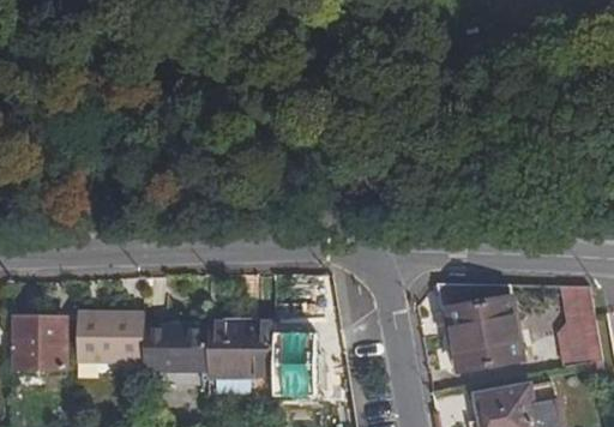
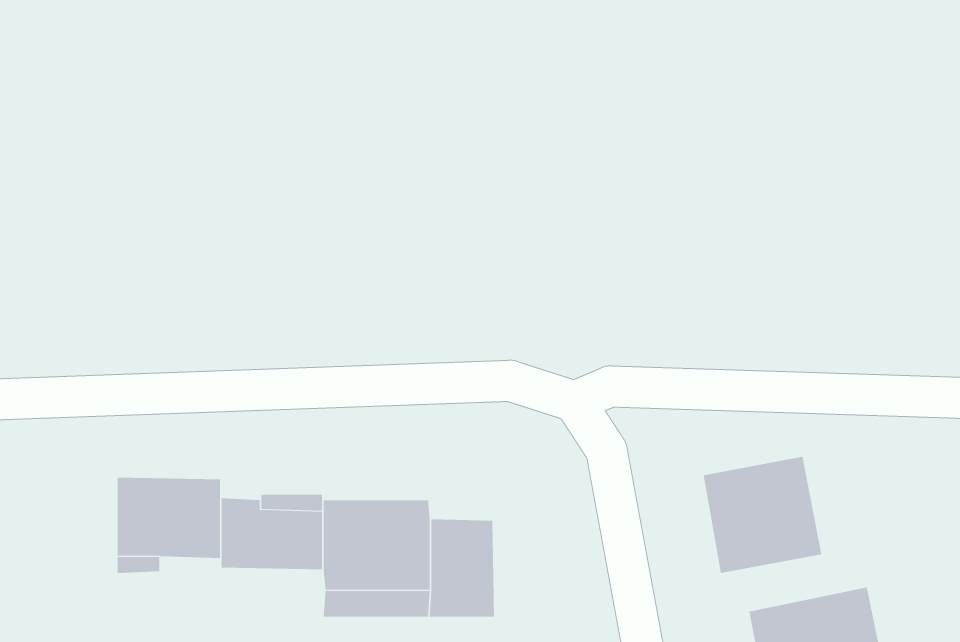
building: [441,283,510,309] -> none
building: [556,287,601,369] -> none
building: [14,314,66,365] -> none

